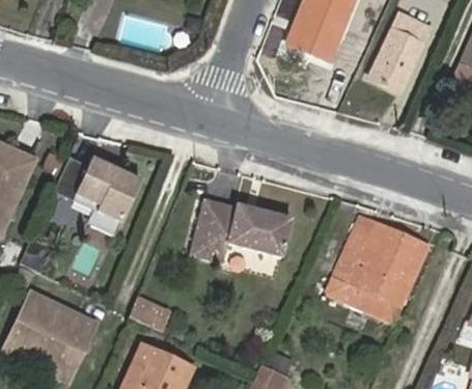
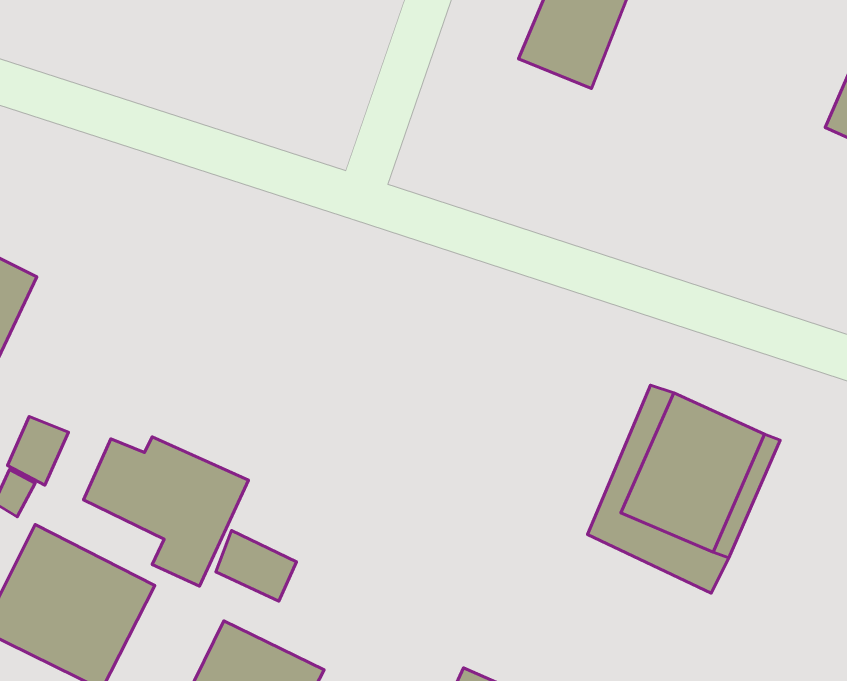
building: [369,28,424,92] -> none
building: [52,157,139,235] -> [83,437,249,586]
building: [186,199,289,262] -> none

